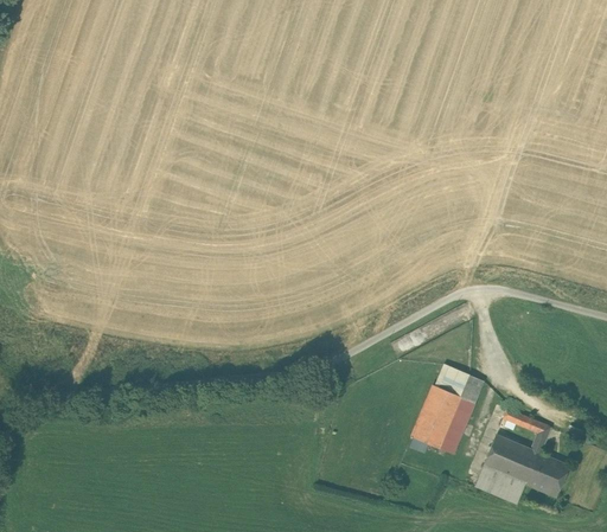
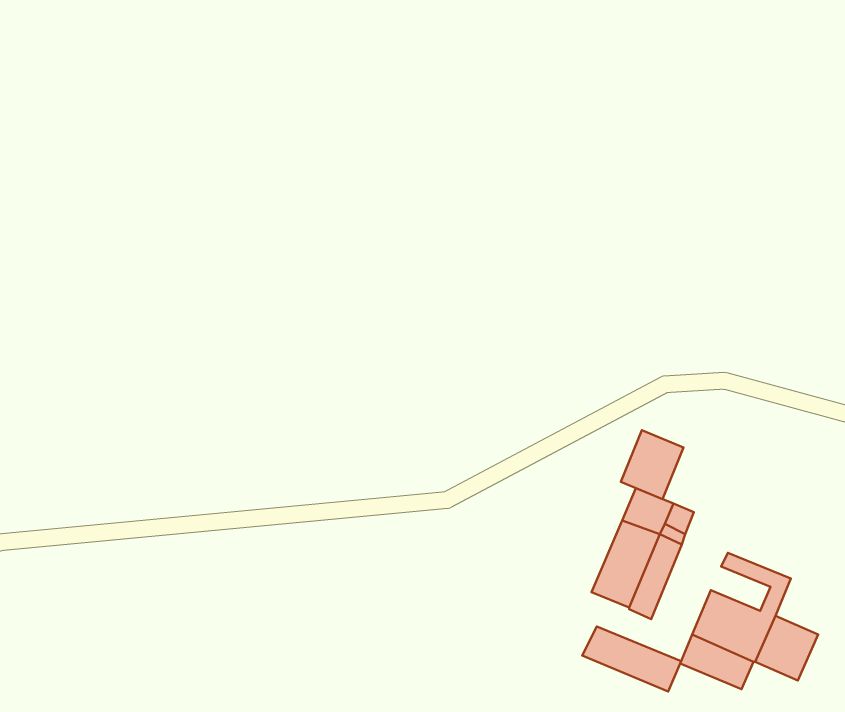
building: none -> [621,430,684,499]
building: none -> [582,626,681,691]

